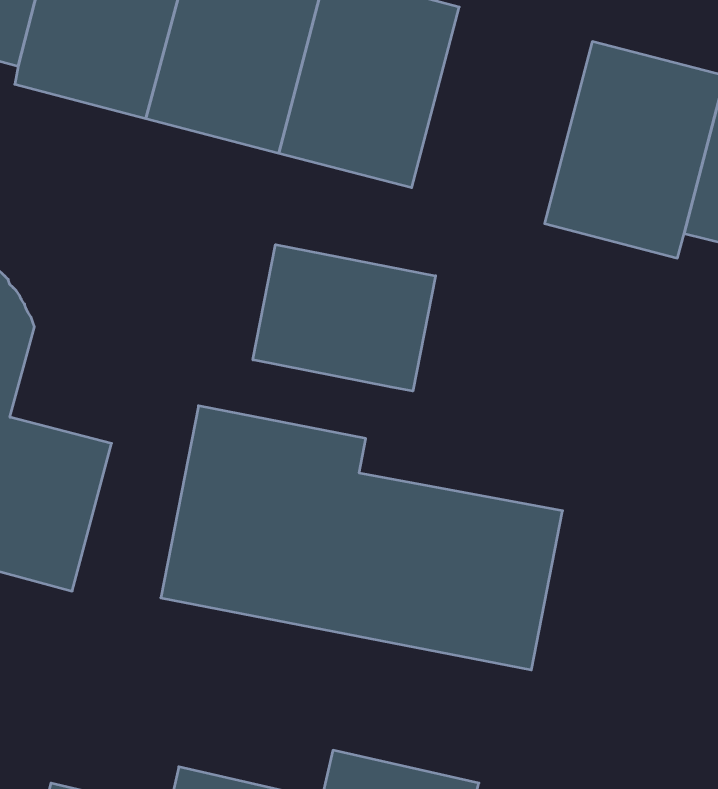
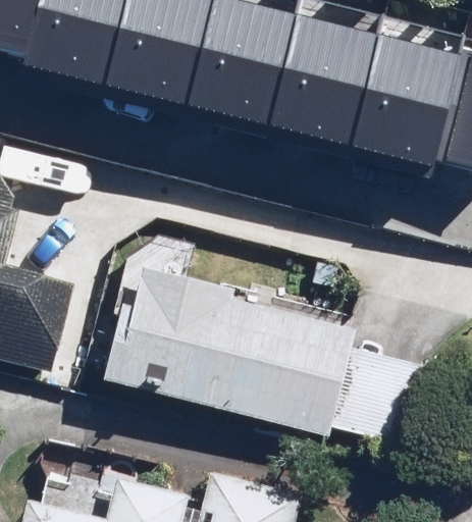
building: none -> [261,11,373,146]
building: [253,245,436,391] -> none

